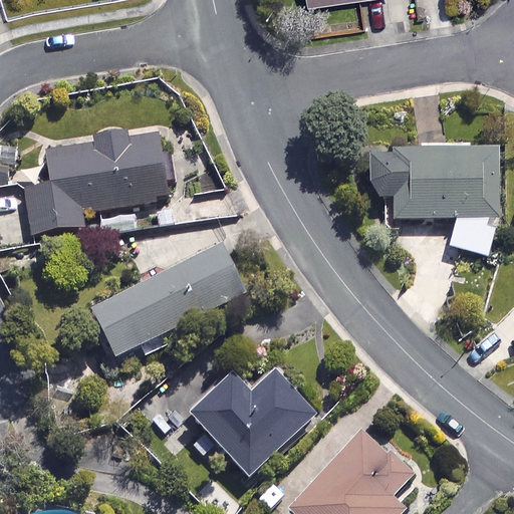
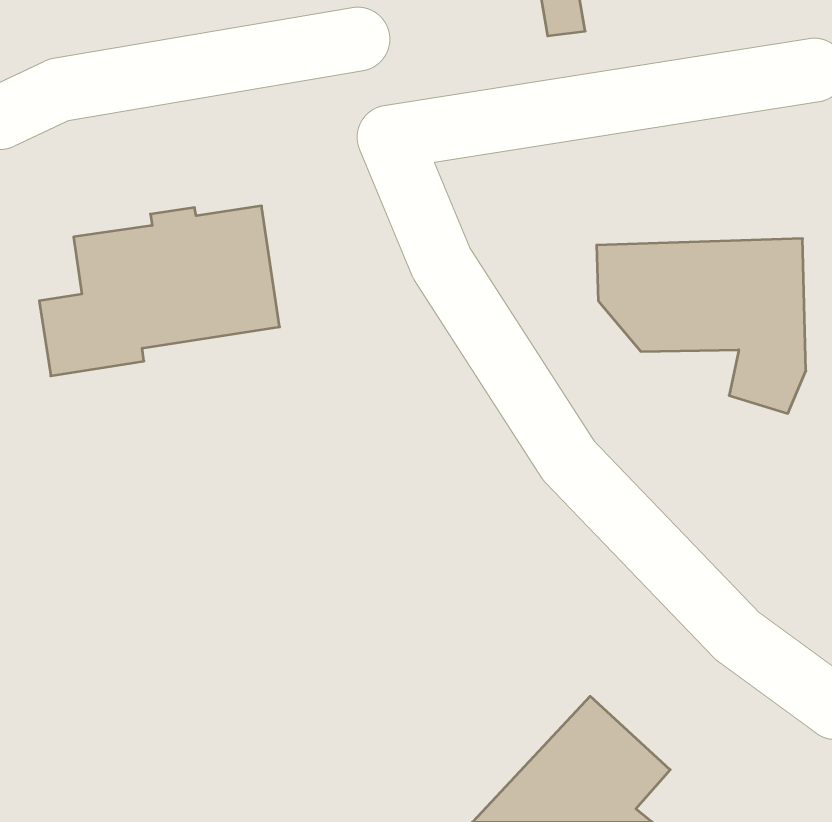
building: [91,243,244,356] -> none
building: [190,367,318,475] -> none

